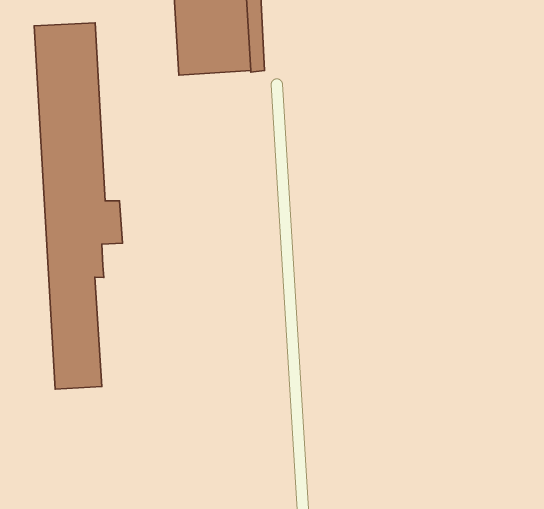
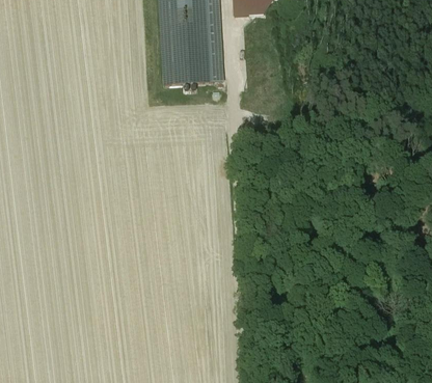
building: [34,23,123,389] -> none

